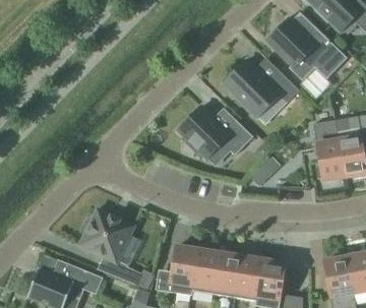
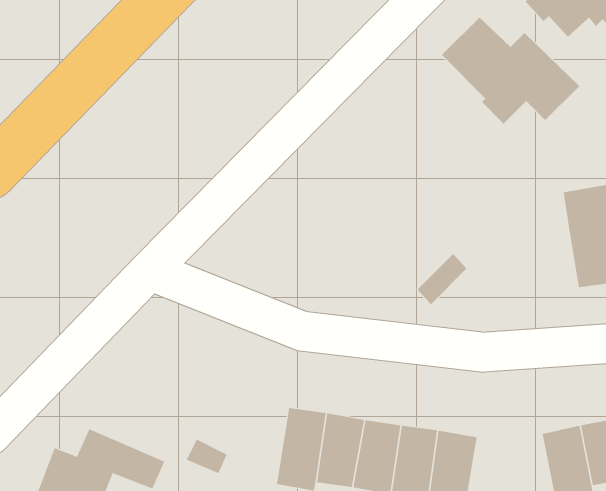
building: [222,59,298,118] -> none
building: [178,106,252,158] -> none
building: [312,120,345,180] -> none
building: [79,208,134,262] -> none

